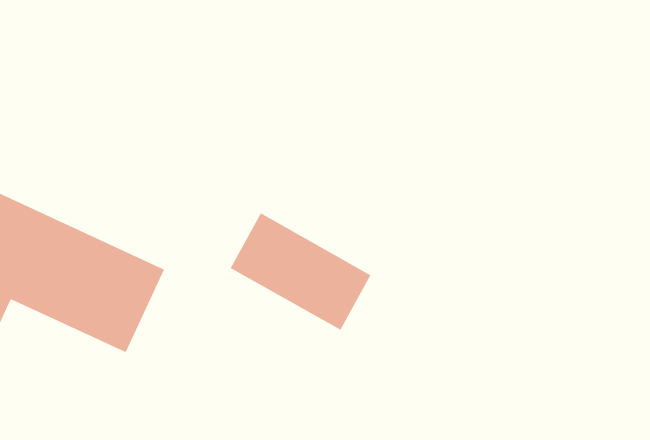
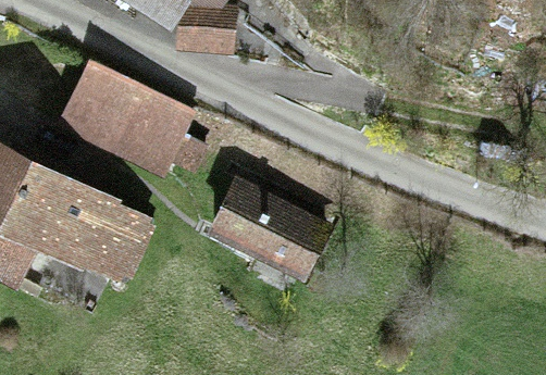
building: none -> [62,70,193,173]

